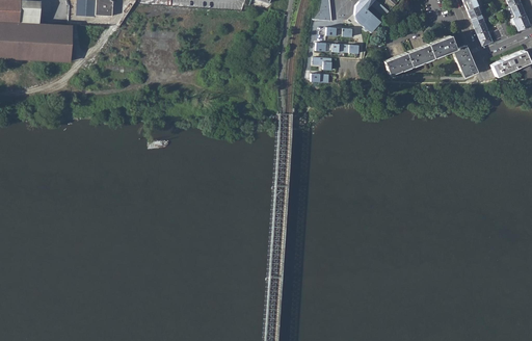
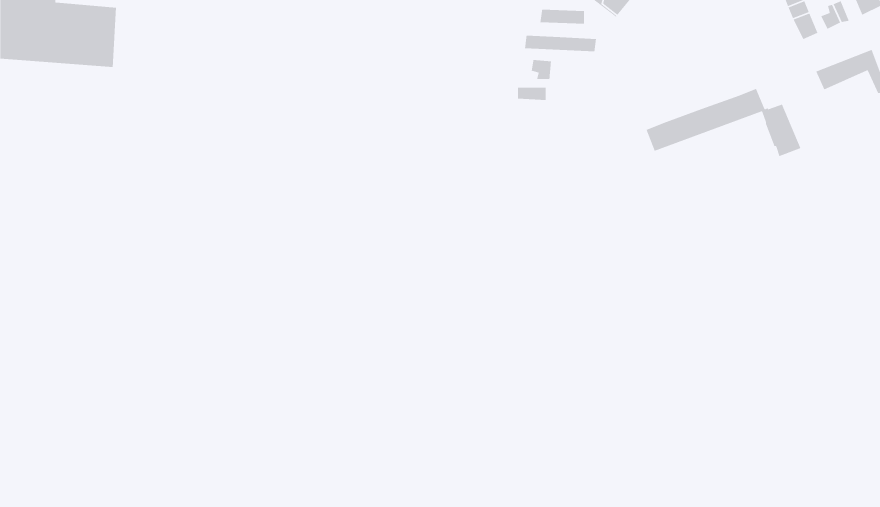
building: [383,35,477,77] -> [645,88,801,157]

